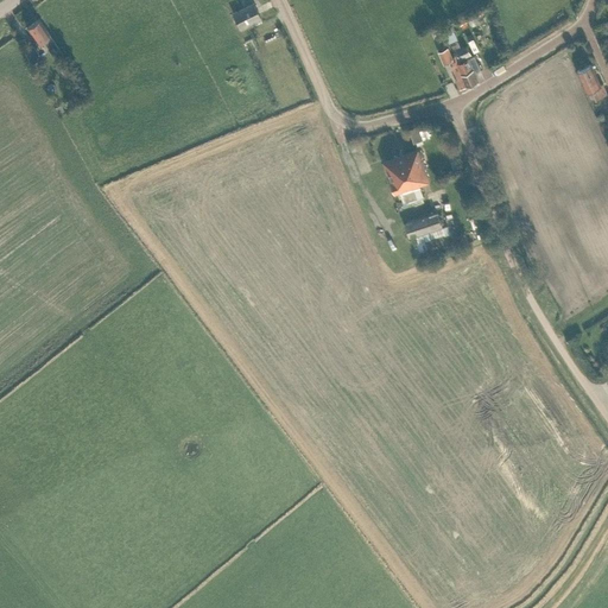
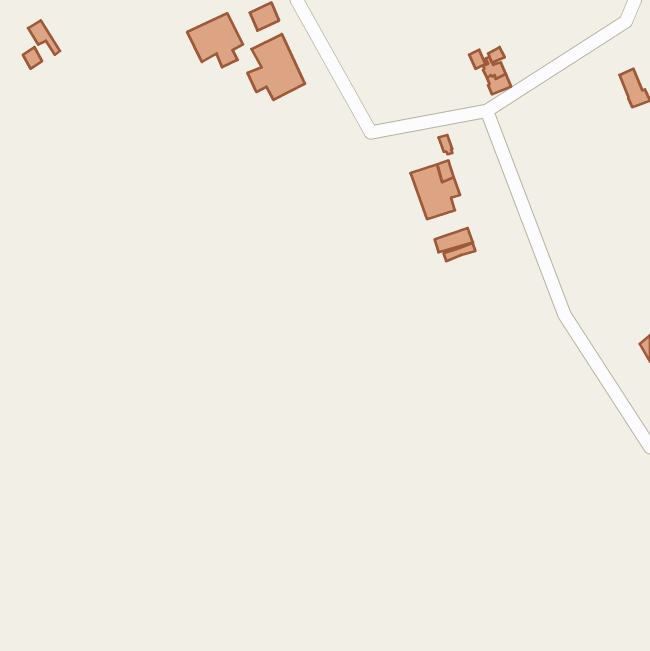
building: none -> [187,13,243,67]
building: none -> [248,34,305,100]

